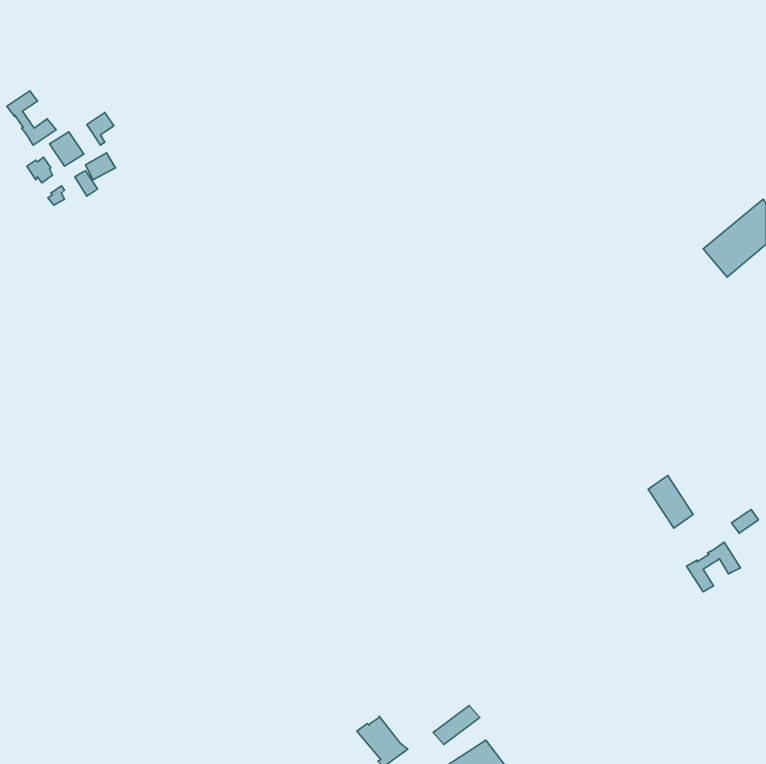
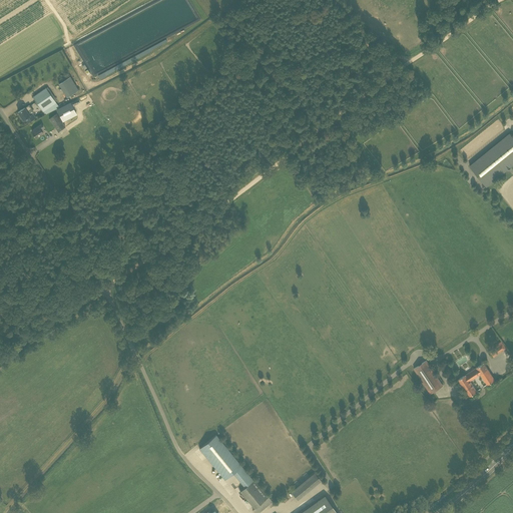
building: [7,91,56,145] -> none
building: [648,476,693,528] -> [414,360,444,395]
building: none -> [199,436,241,480]

